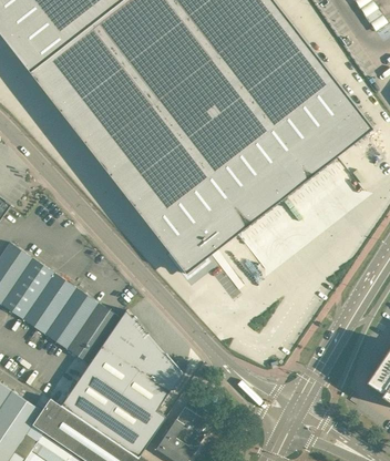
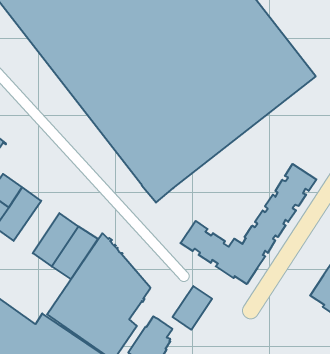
building: none -> [180,164,316,284]
building: [22,272,75,332] -> none
building: none -> [173,286,212,330]

